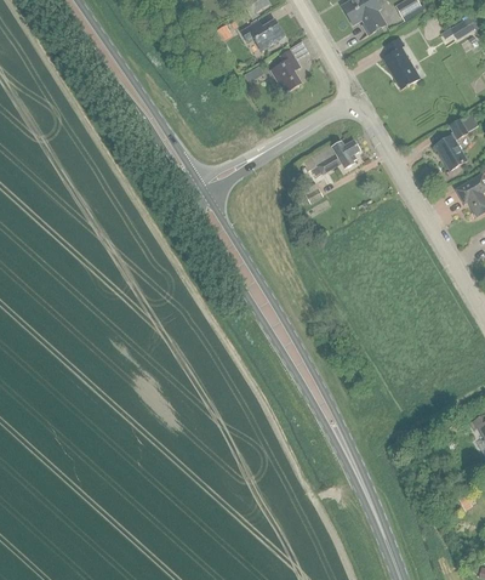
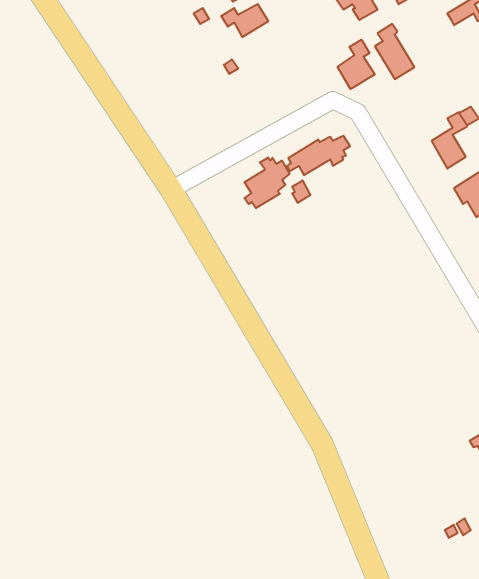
building: [270,50,302,92] -> none
building: none -> [338,40,375,89]
building: none -> [244,157,290,208]

